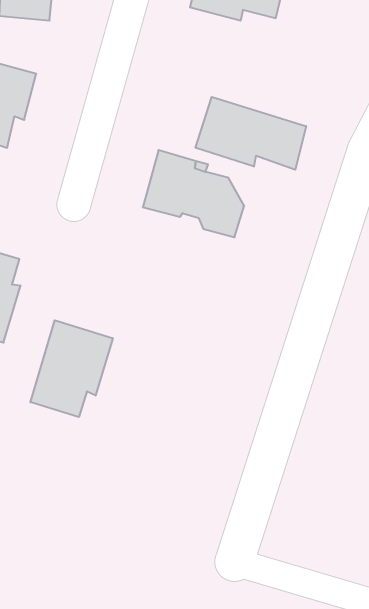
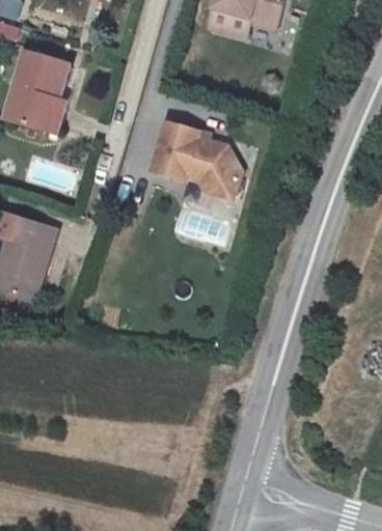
building: [195,97,306,170] -> none
building: [30,320,113,417] -> none

